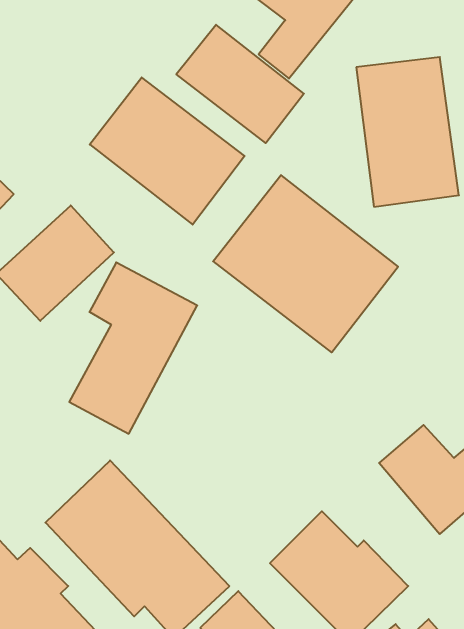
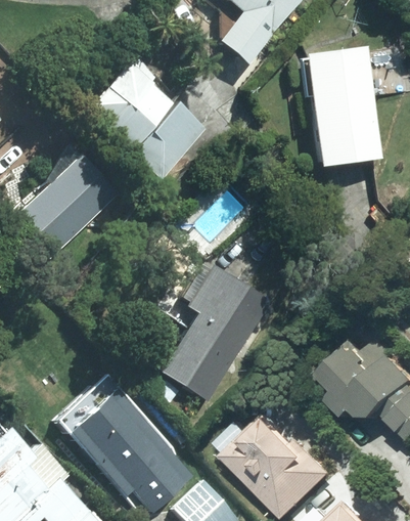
building: [176,25,304,143] -> none
building: [213,175,398,352] -> none
building: [69,262,197,434] -> [163,263,266,401]

